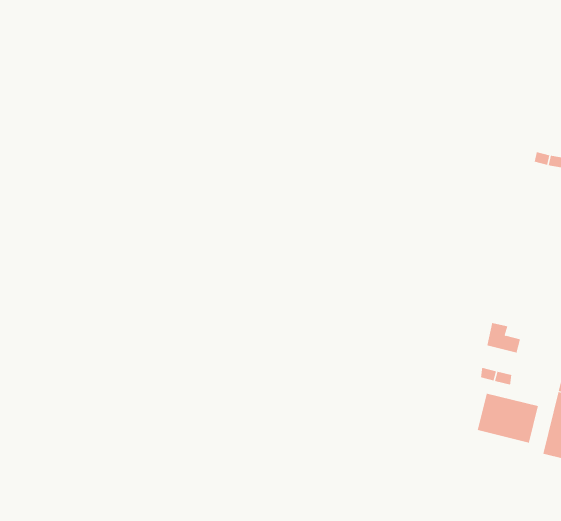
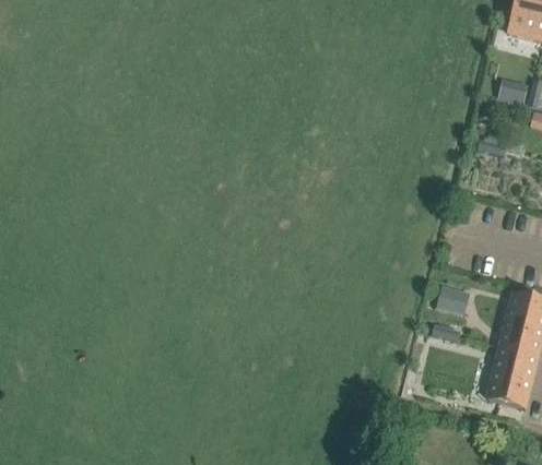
building: [477,393,539,443] -> none

